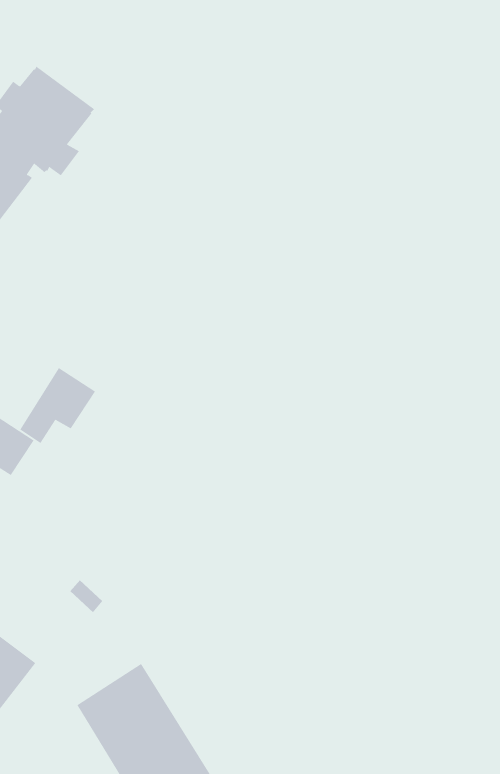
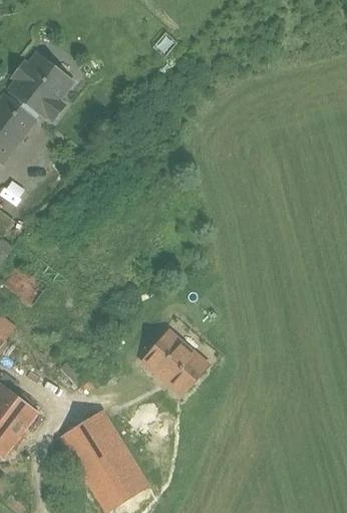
building: [20,367,96,444] -> none
building: none -> [142,331,208,396]

